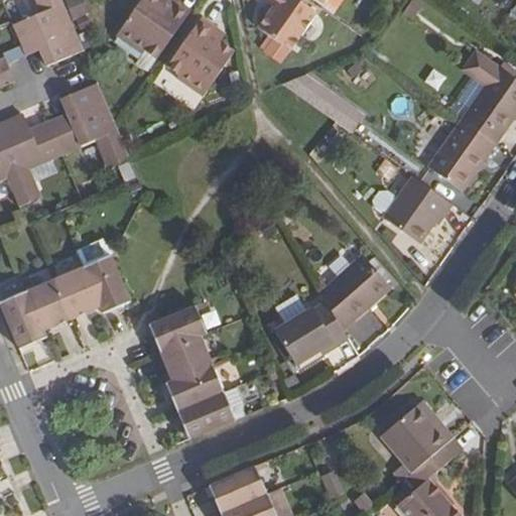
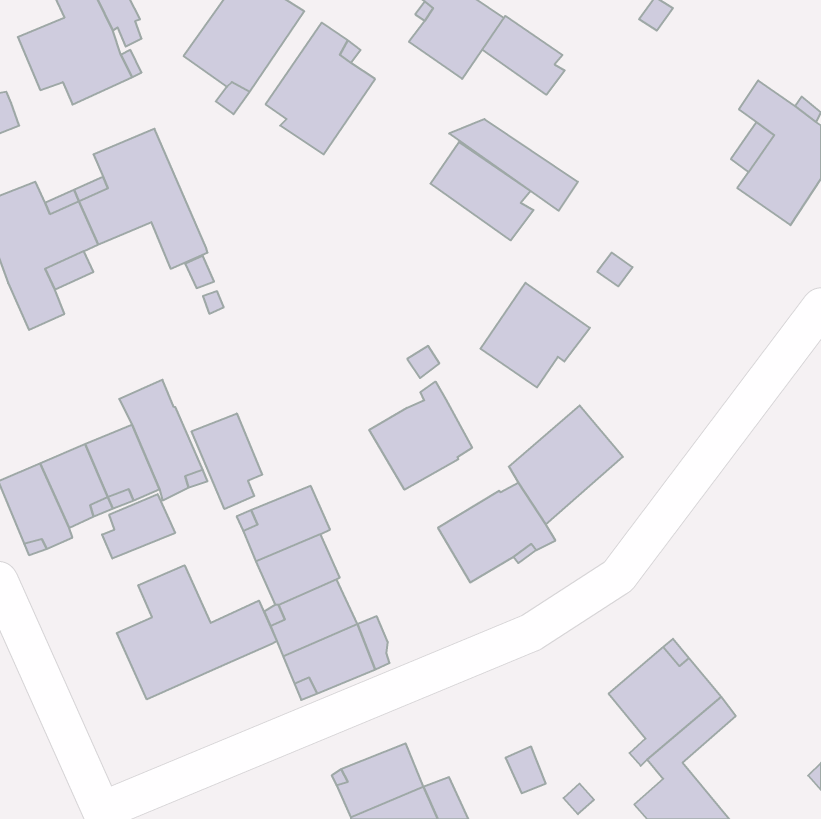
building: none -> [482,16,565,95]
building: none -> [430,142,534,240]
building: [427,118,495,189] -> none
building: [384,175,453,241] -> [480,283,590,387]
building: none -> [369,382,472,490]
building: none -> [192,413,262,509]
building: none -> [102,494,175,559]
building: none -> [117,565,277,699]

